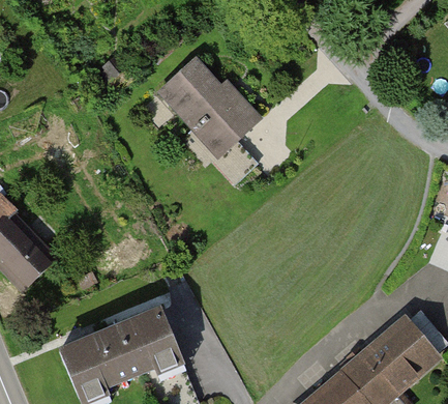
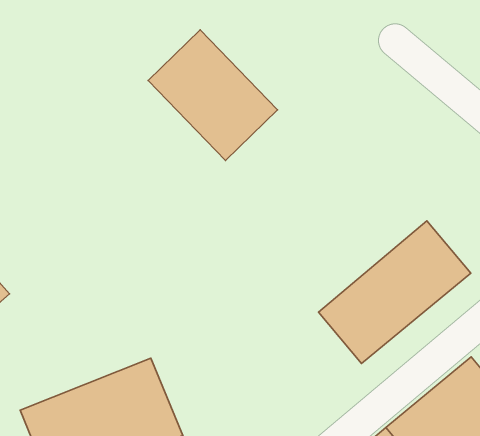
building: none -> [318,221,471,363]

